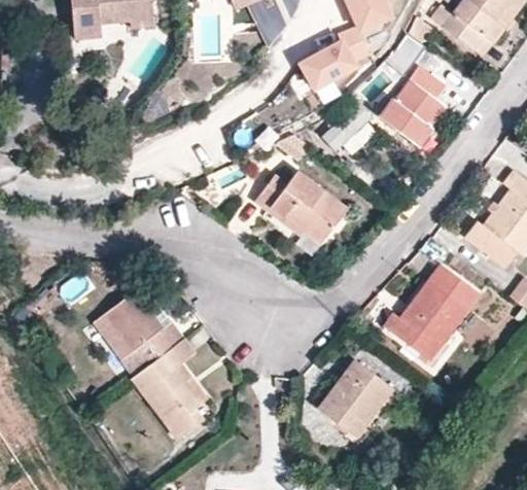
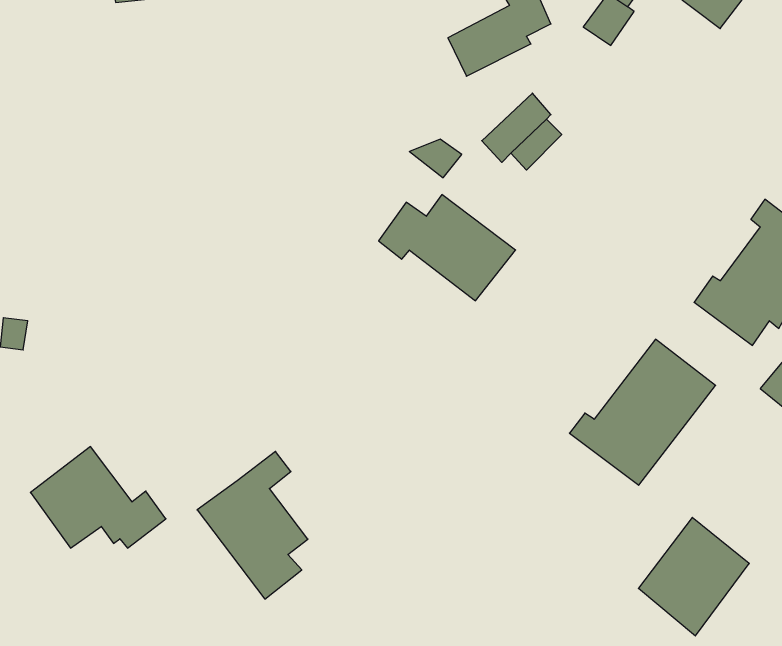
building: [381,65,443,139] -> none
building: [95,292,185,360] -> [30,447,166,548]
building: [317,362,391,442] -> [638,517,749,636]

